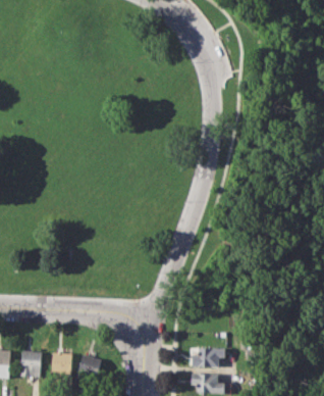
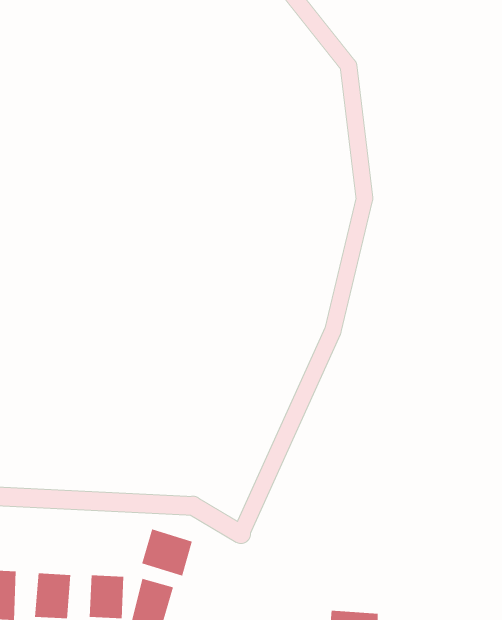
building: none -> [142,528,193,576]
building: [192,347,226,367] -> none

